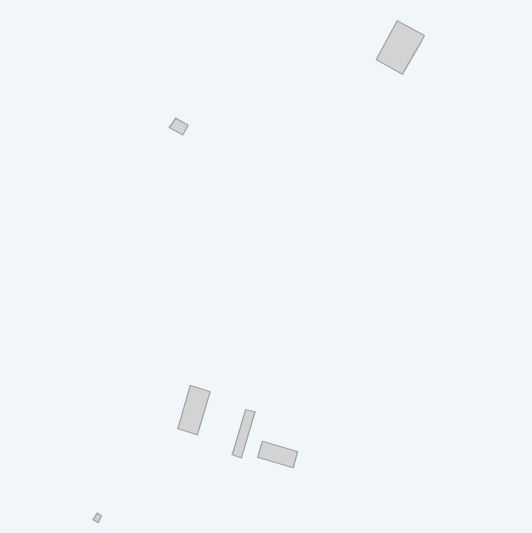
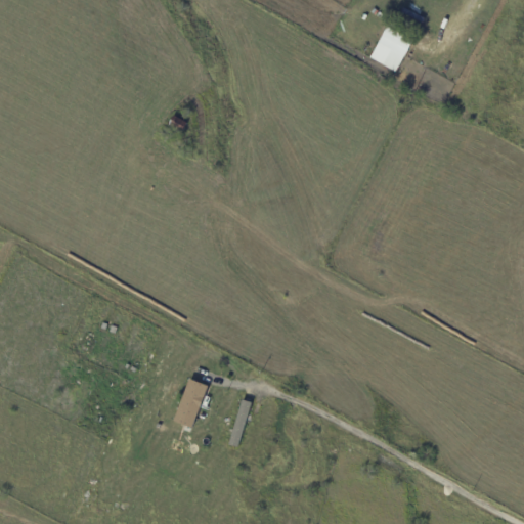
building: [258,441,297,468] -> none

